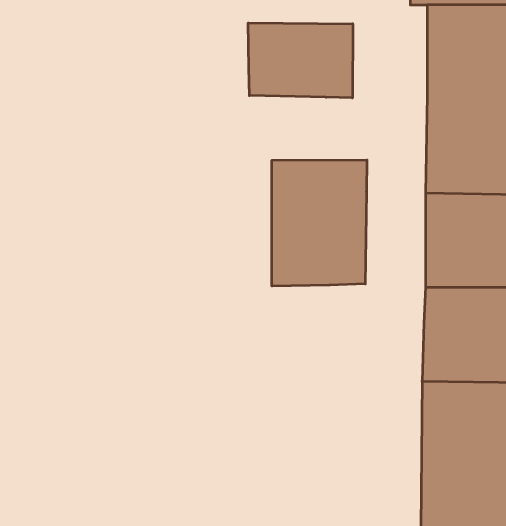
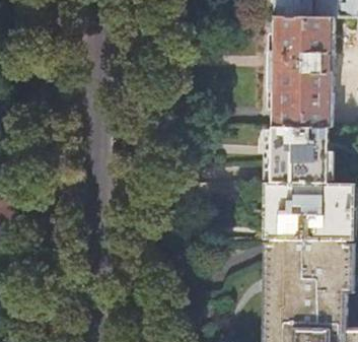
building: [248,23,353,98] -> none
building: [272,160,367,286] -> none

